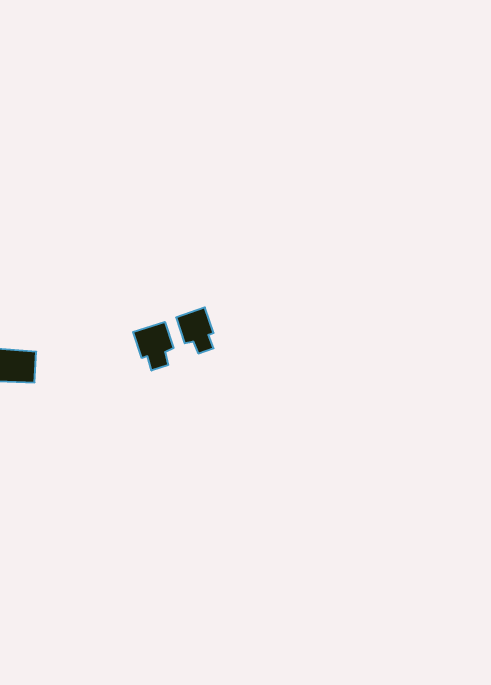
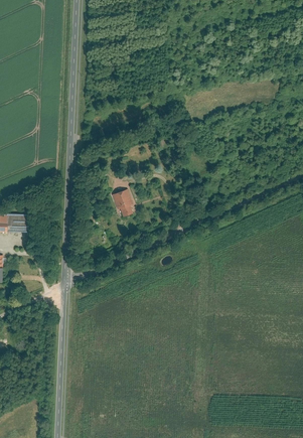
building: [133,322,174,371] -> none

